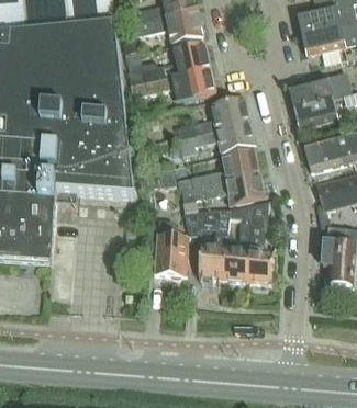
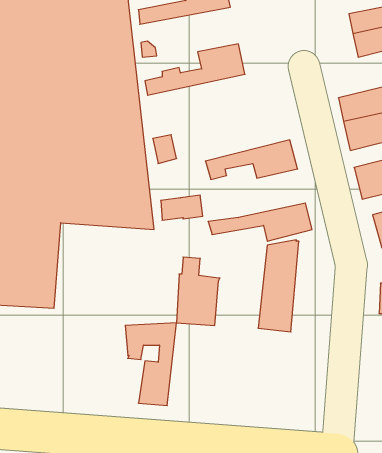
building: [123,11,203,42] -> none
building: [130,67,216,100] -> none
building: [176,99,248,139] -> none
building: [177,148,261,190] -> none
building: [249,206,276,284] -> none
building: [187,209,230,279] -> [125,323,177,406]

